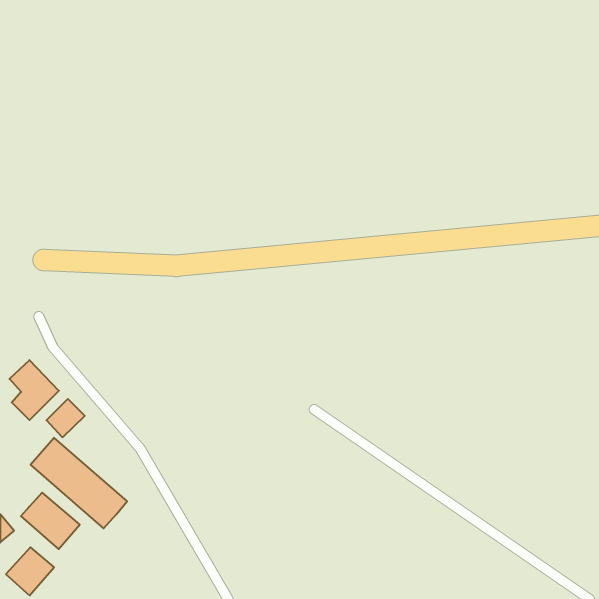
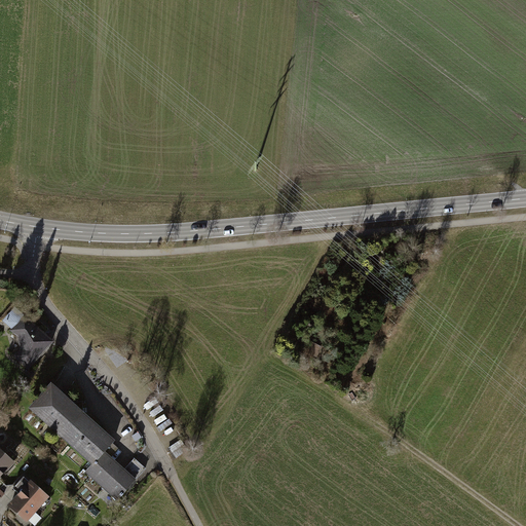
building: [46,399,85,437] -> none
building: [21,493,80,549] -> [85,449,137,498]

